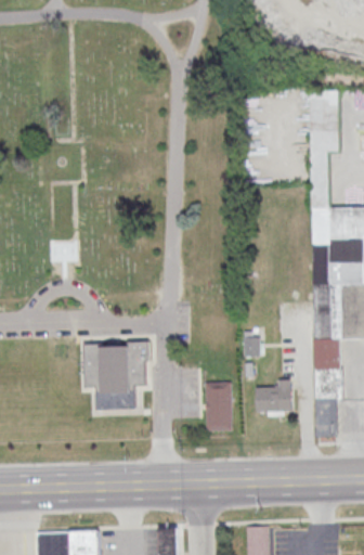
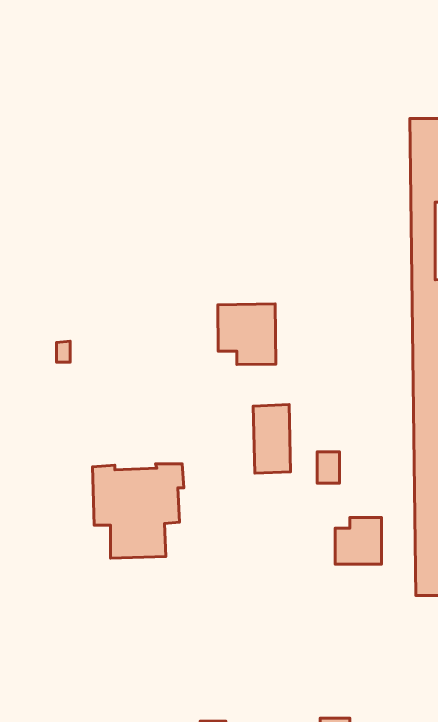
building: none -> [218,304,276,365]
building: [204,380,231,430] -> [253,405,291,473]

